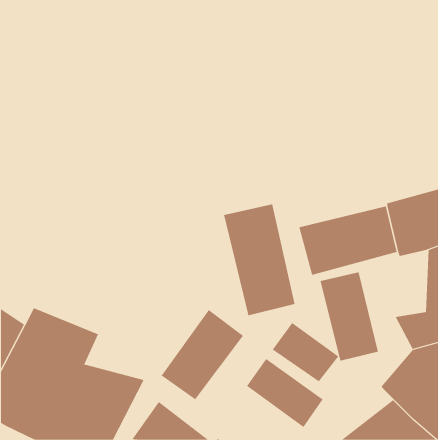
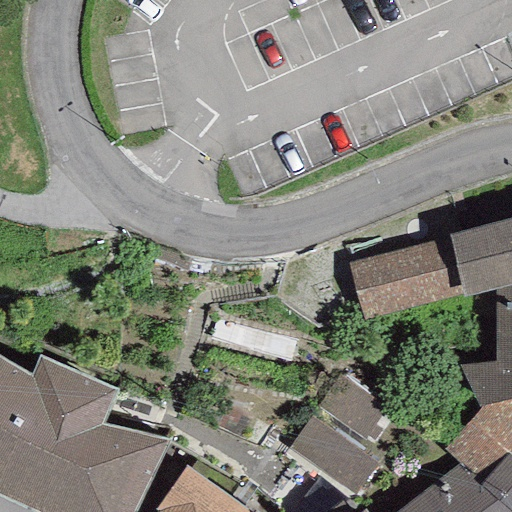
building: [223,204,295,316] -> none
building: [320,272,378,361] -> none
building: [161,309,244,400] -> none

